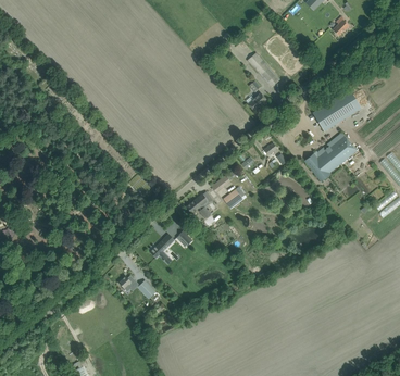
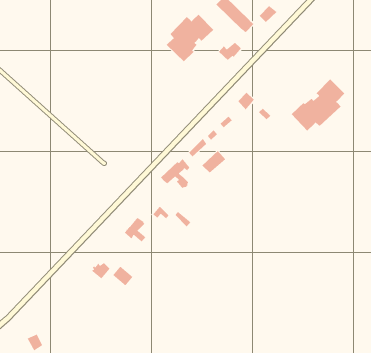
building: none -> [166,14,214,62]
building: [312,90,360,131] -> none

